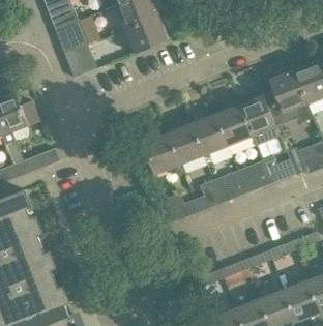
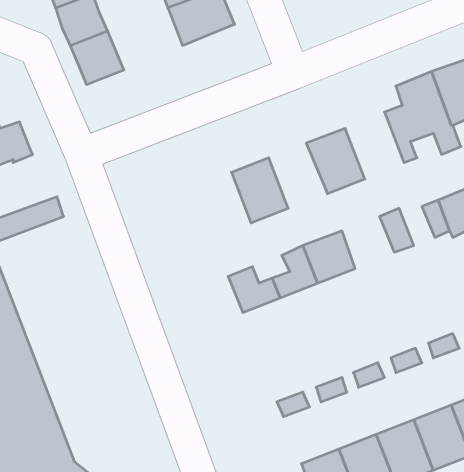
building: [239,92,276,137] -> none
building: [190,114,228,155] -> none
building: [143,132,179,174] -> none
building: [237,160,270,194] -> none

